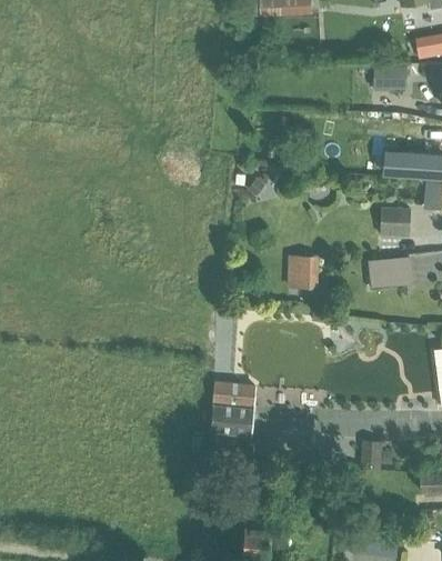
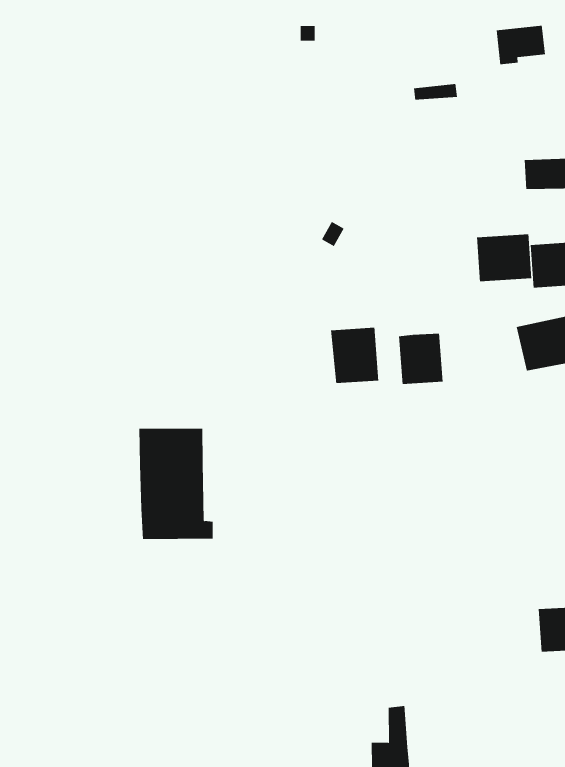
building: none -> [476,233,532,282]
building: none -> [330,327,379,384]
building: [210,381,257,457] -> [139,428,214,540]

